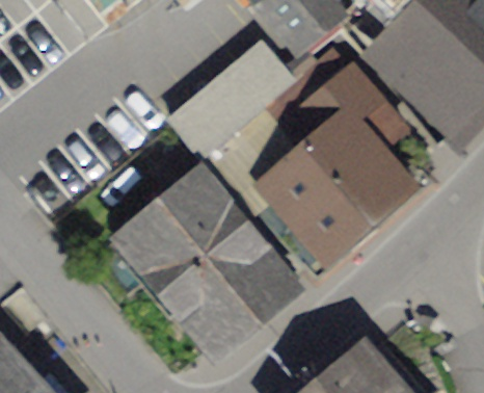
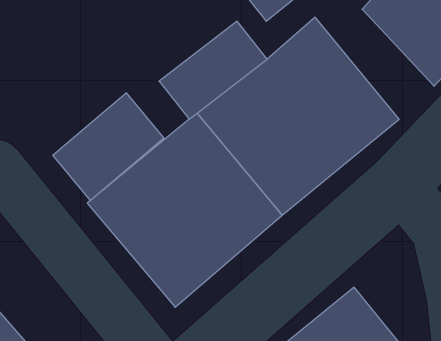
building: none -> [53,93,164,201]

